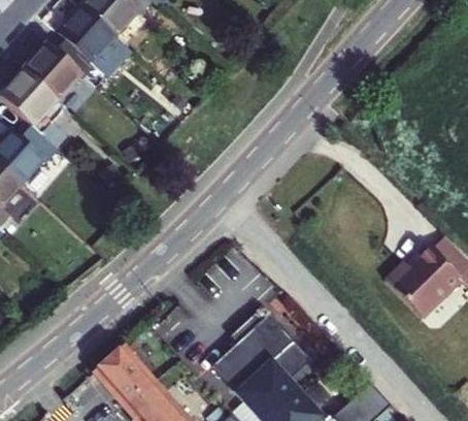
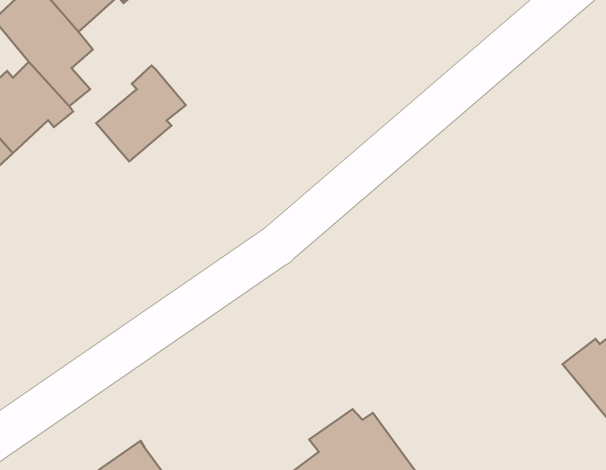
building: none -> [96,66,186,162]

